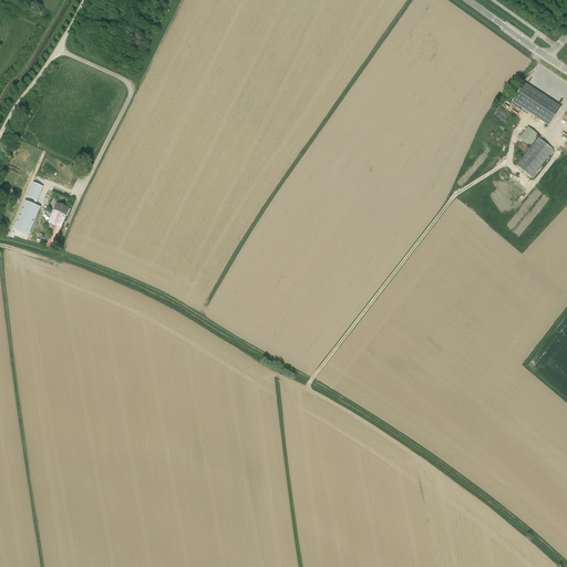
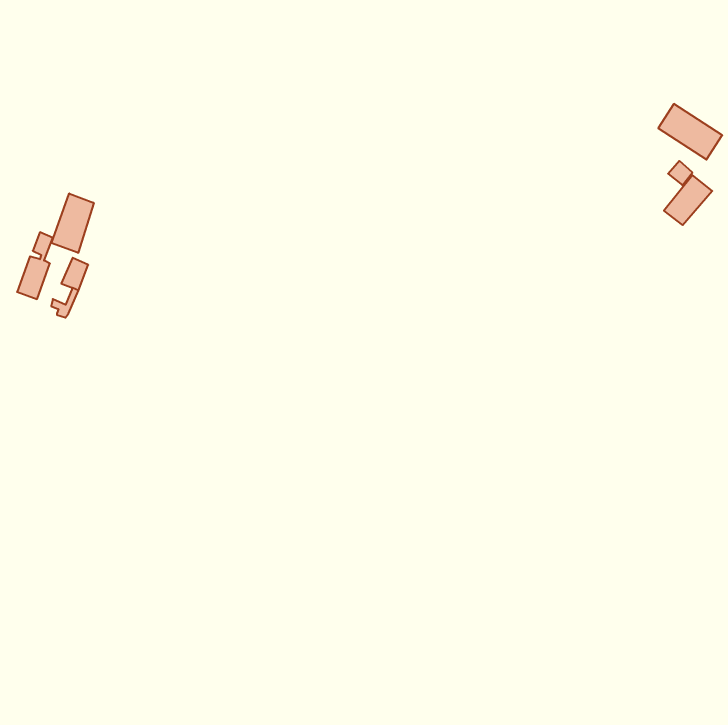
building: none -> [51,193,94,253]

